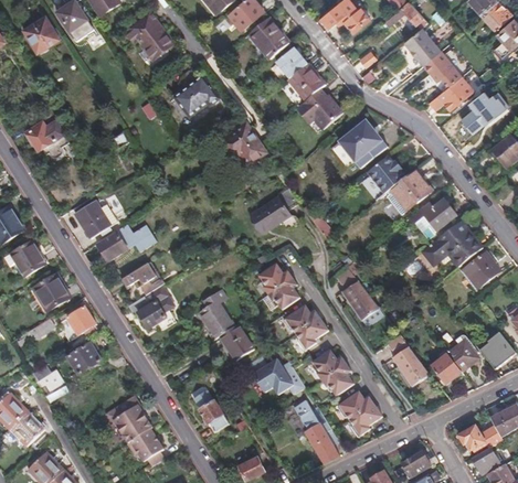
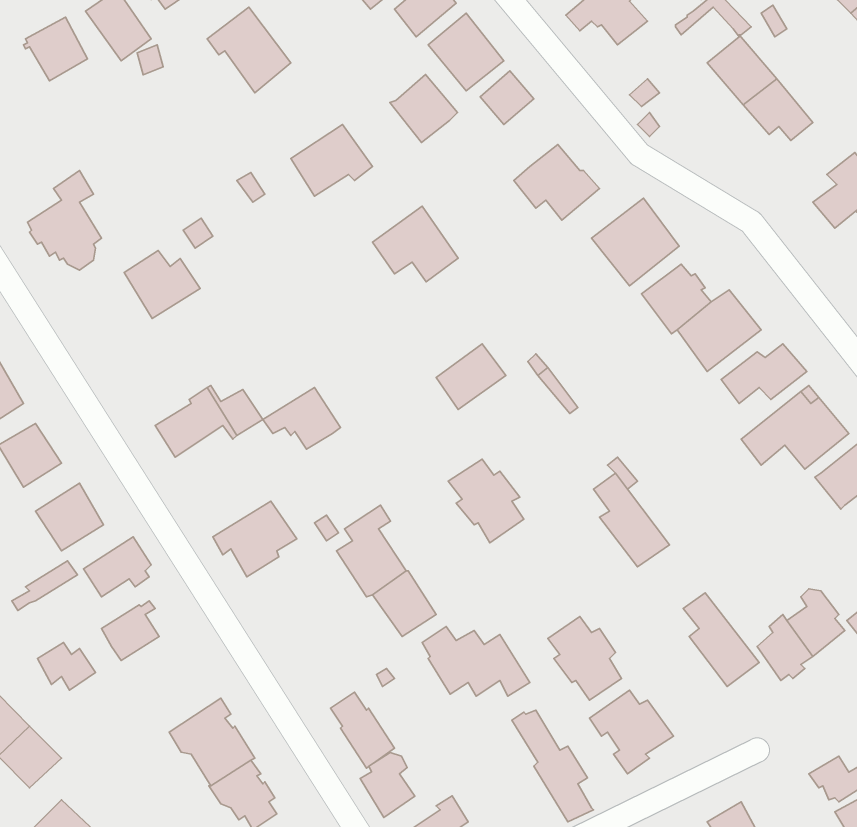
building: [286,63,324,100] -> [390,75,457,142]
building: [429,76,473,110] -> none
building: [75,198,117,236] -> [124,251,200,318]
building: [121,260,165,294] -> [263,388,341,449]
building: [285,304,330,350] -> none
building: none -> [360,752,415,817]

